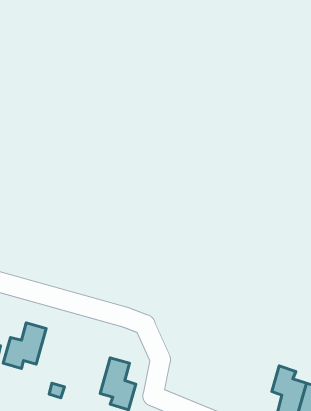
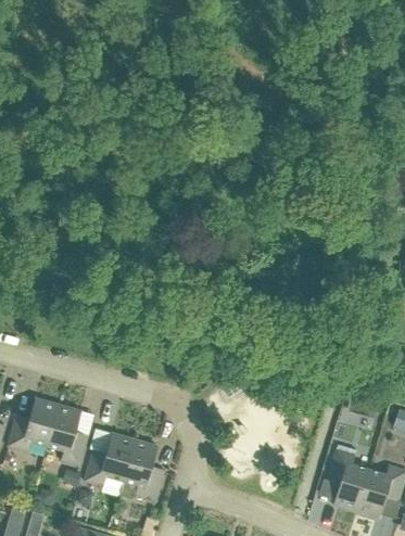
building: none -> [46,404,87,465]
building: none -> [84,432,134,485]

